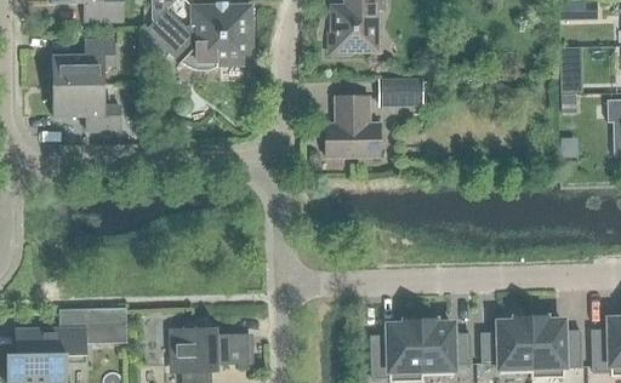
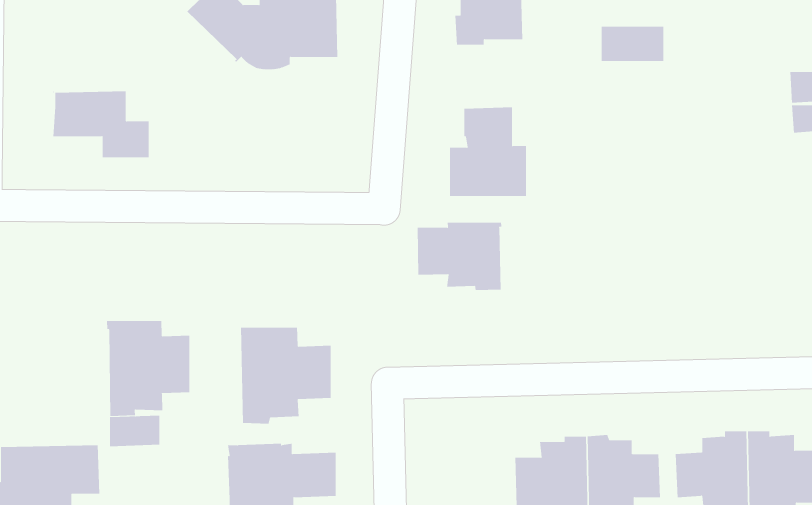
building: [51,39,114,85] -> none
building: [378,78,422,102] -> [601,26,664,61]
building: none -> [417,222,502,291]
building: none -> [106,320,190,417]
building: none -> [241,327,331,425]

